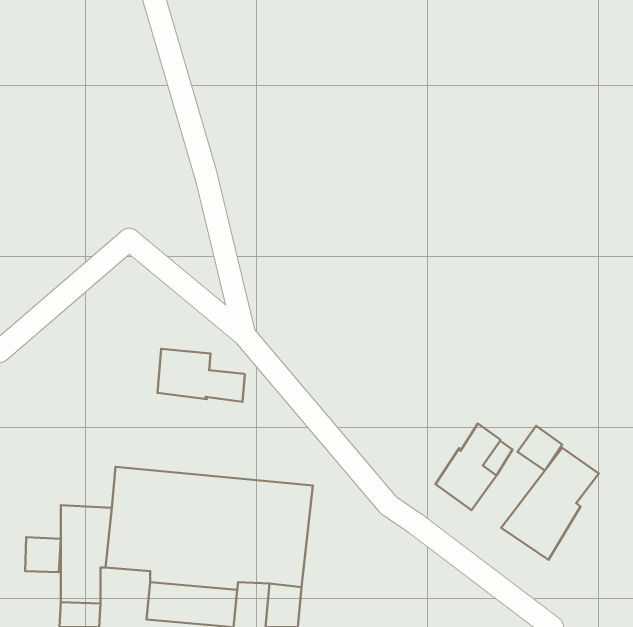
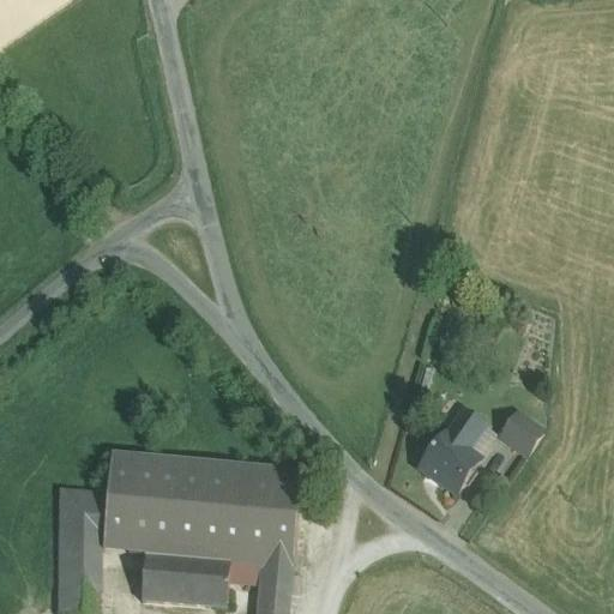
building: [157,349,245,402] -> none
building: [501,448,599,560] -> none
building: [25,537,61,572] -> none

